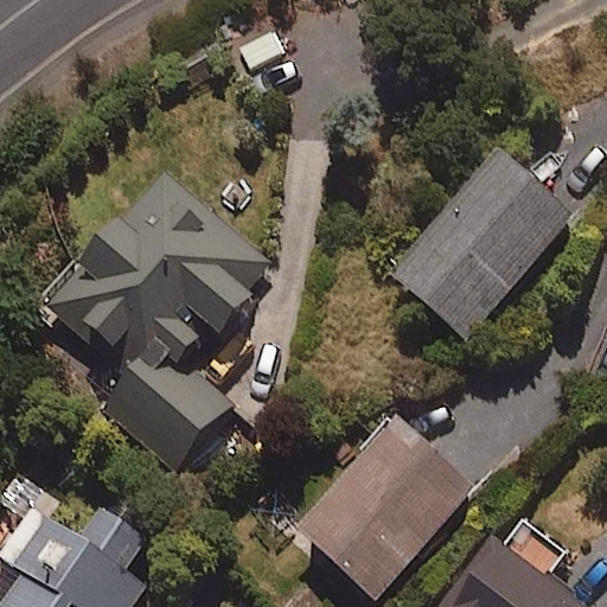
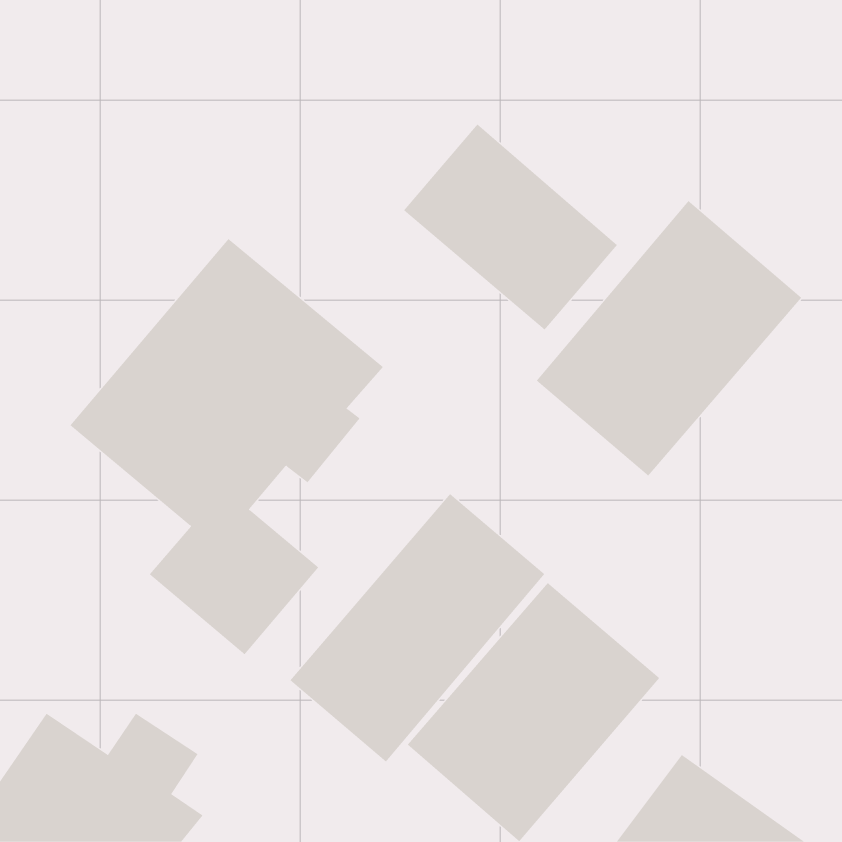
building: none -> [403,123,618,331]
building: none -> [289,493,545,762]

